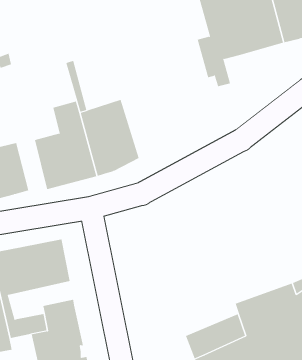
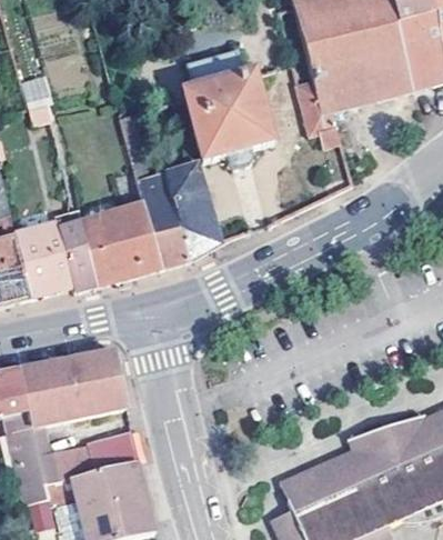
building: none -> [183,49,274,169]
building: none -> [52,208,95,292]

